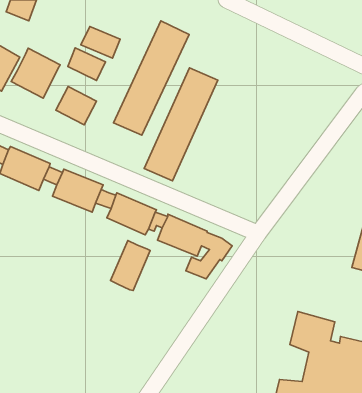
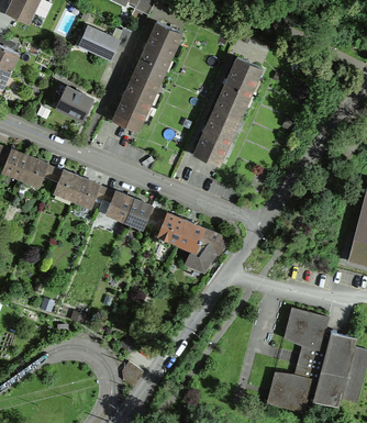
building: [68,48,105,80] -> none
building: [11,48,60,98] -> none
building: [144,68,218,181] -> [194,57,266,167]
building: [111,241,150,291] -> none

